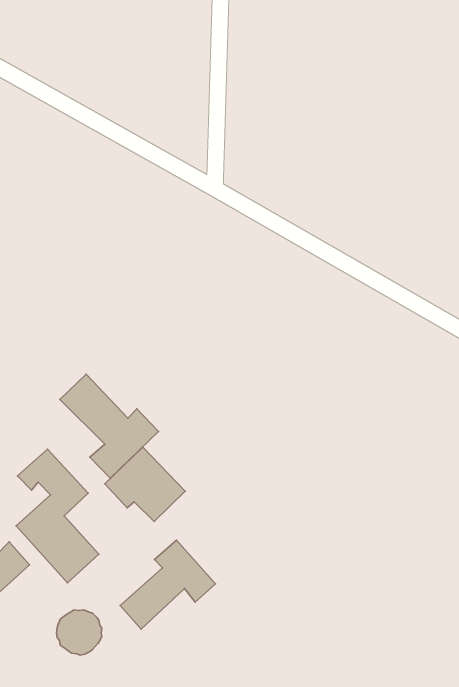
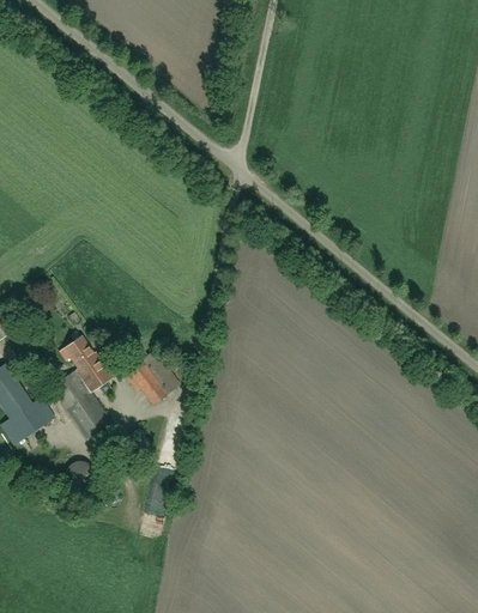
building: [60,374,159,478] -> none
building: [120,540,215,629] -> none

